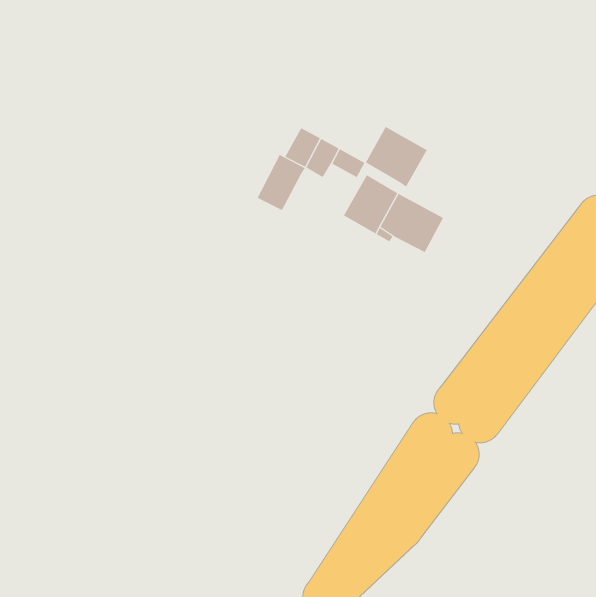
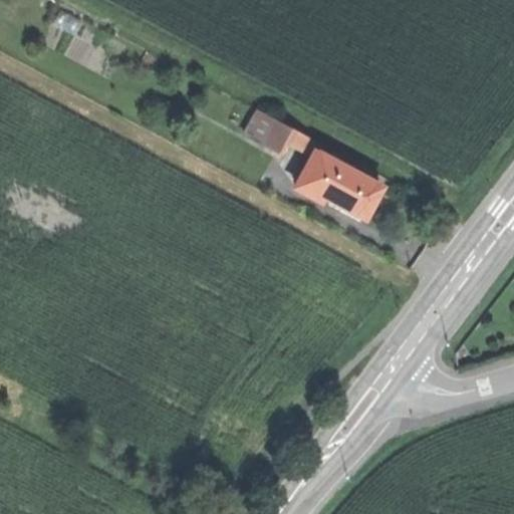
building: [365,126,427,187] -> none
building: [257,154,305,211] -> none

